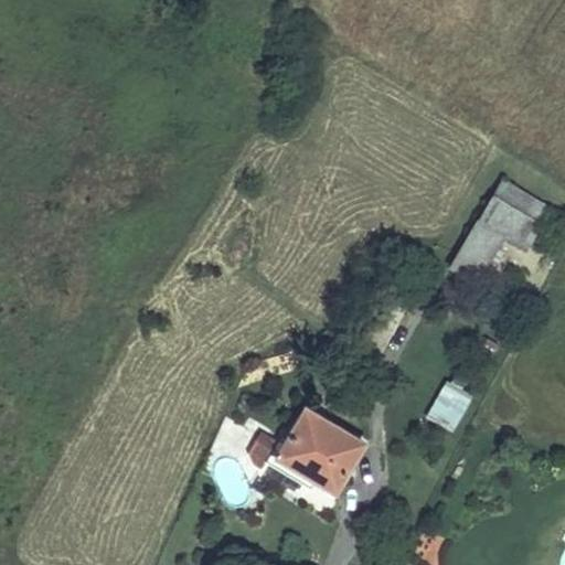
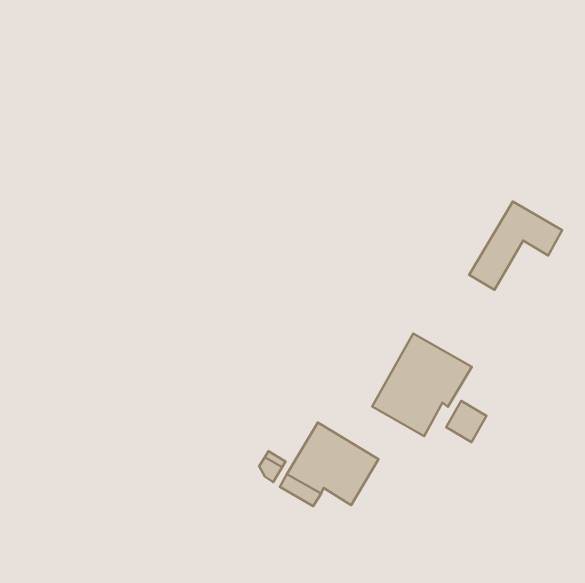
building: none -> [372,333,472,436]

